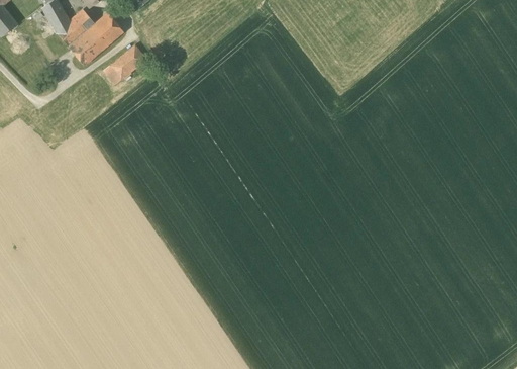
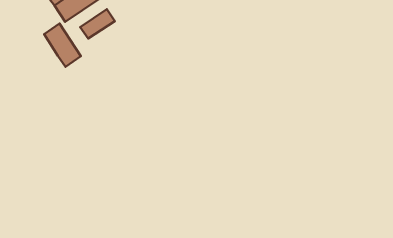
building: none -> [44,24,81,67]

